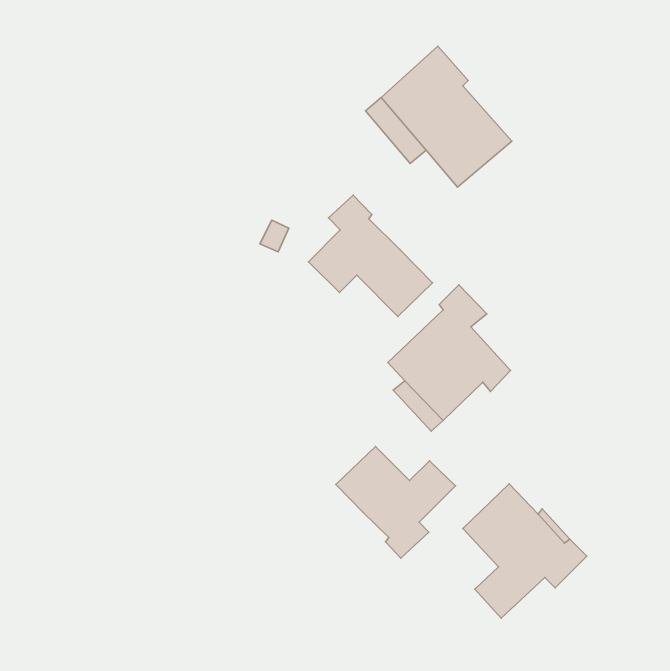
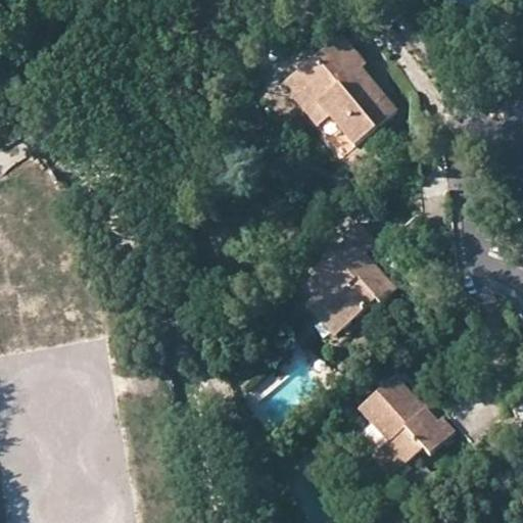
building: [309,195,433,316] -> none
building: [336,446,455,558] -> none

